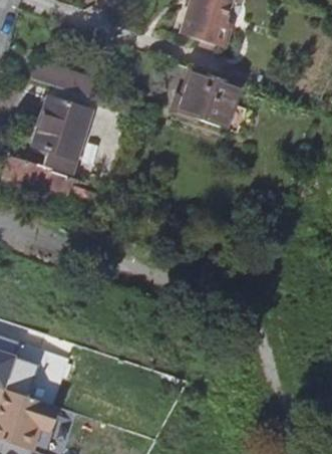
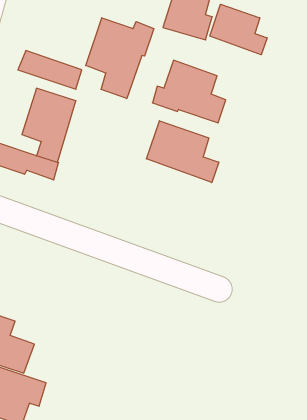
building: none -> [210,4,267,55]
building: none -> [86,18,154,99]
building: none -> [146,121,219,183]

